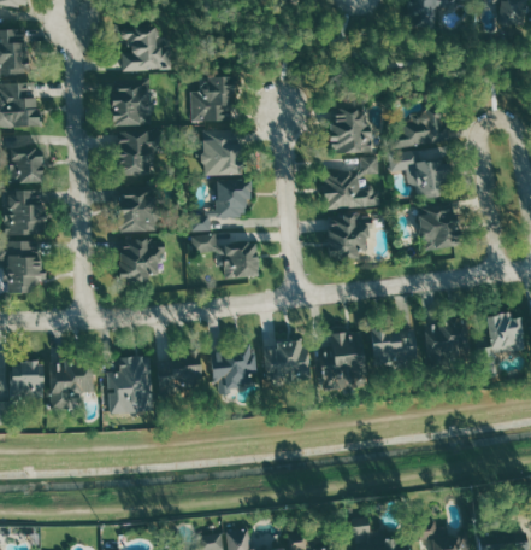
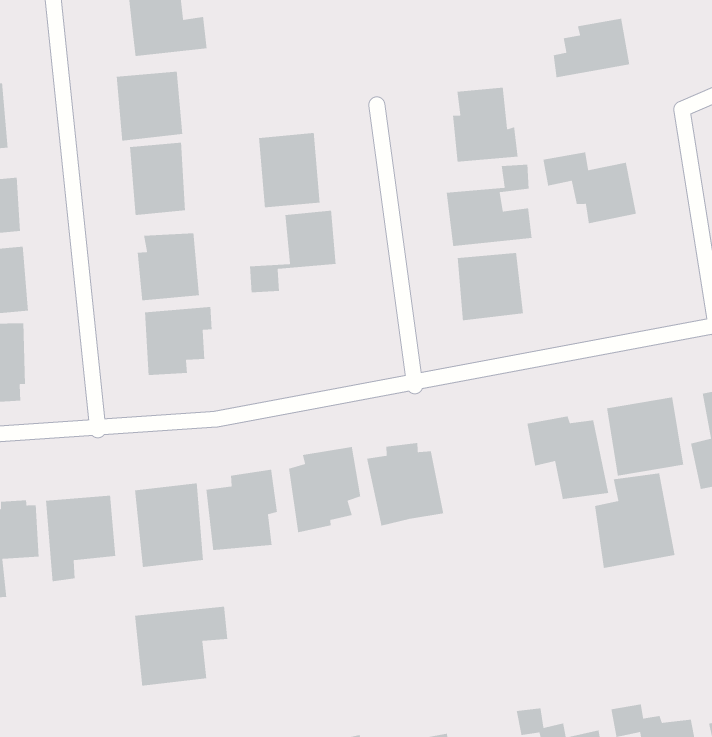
building: [191,80,234,122] -> none
building: [394,112,444,150] -> [553,18,630,78]
building: [417,205,458,251] -> none
building: [191,235,259,280] -> none
building: [315,330,367,392] -> [594,472,676,569]
building: none -> [134,606,228,687]

